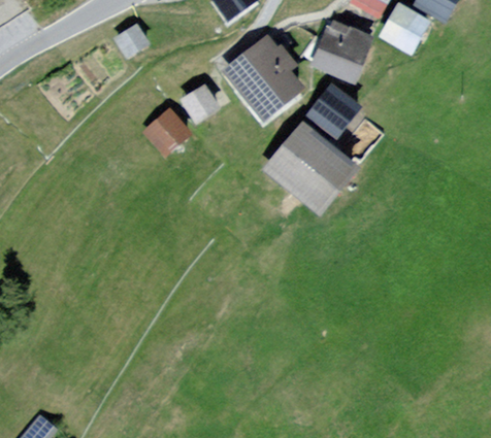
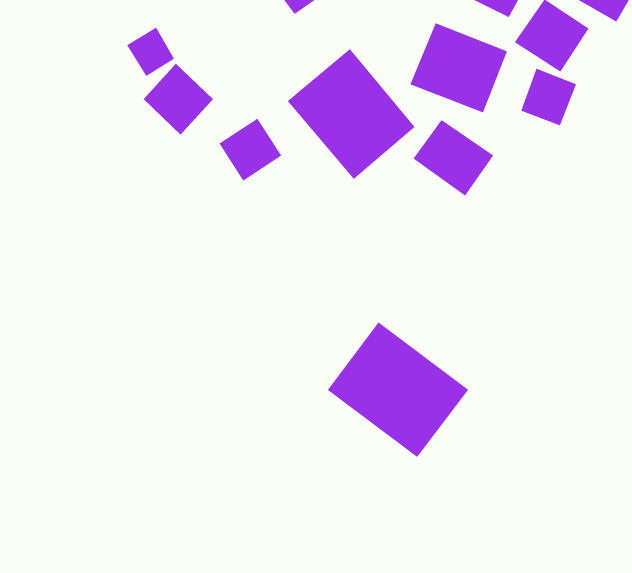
building: none -> [520,68,577,126]
building: [137,108,186,158] -> [143,63,214,136]
building: [264,117,361,210] -> [327,322,469,458]

